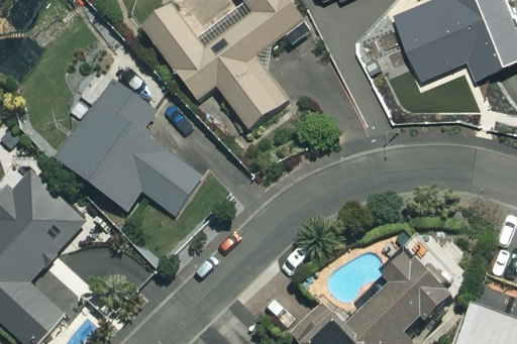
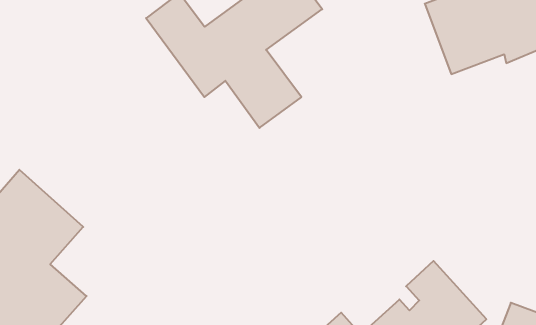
building: [57,84,199,211] -> none

